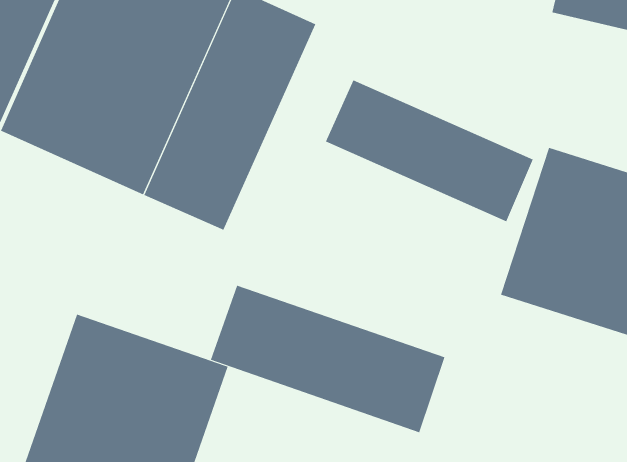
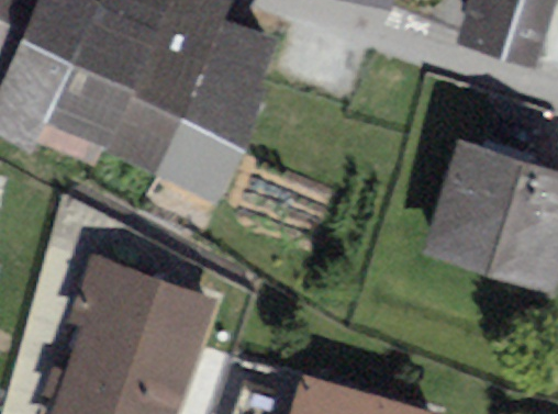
building: [325,80,534,222] -> none
building: [210,285,445,433] -> none

